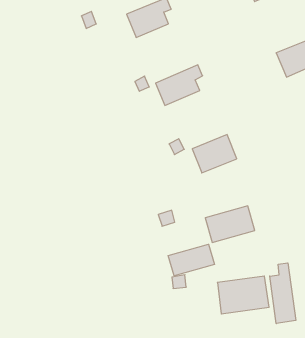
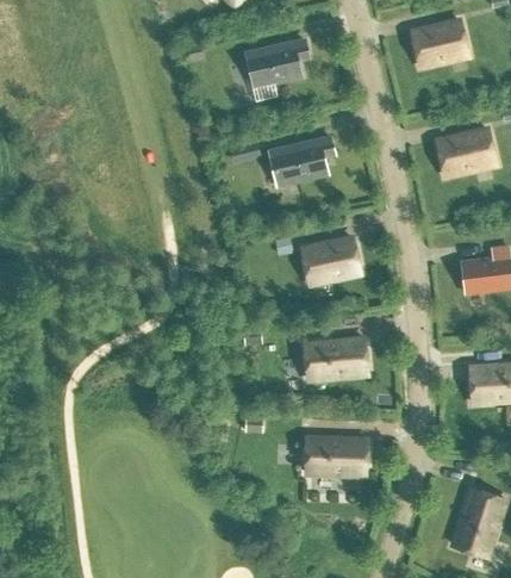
building: [168,244,214,276] -> none
building: [270,263,296,324] -> none

